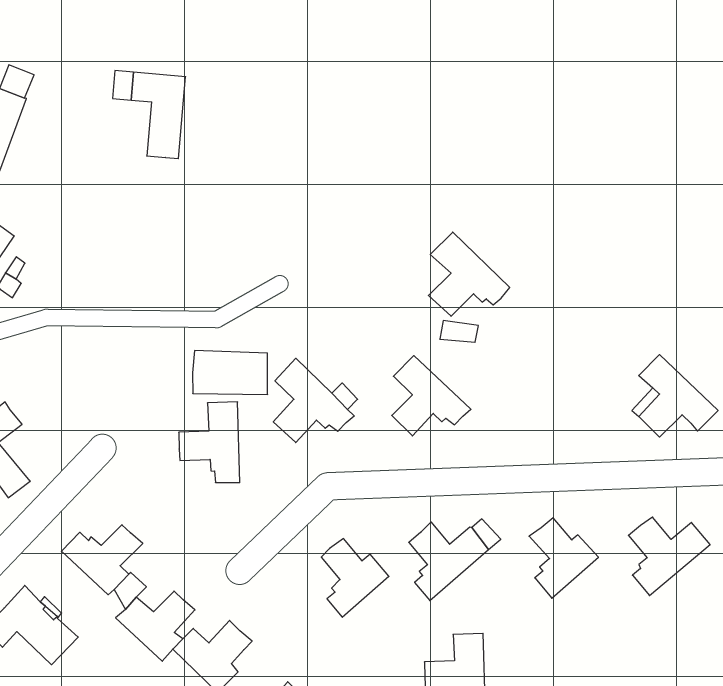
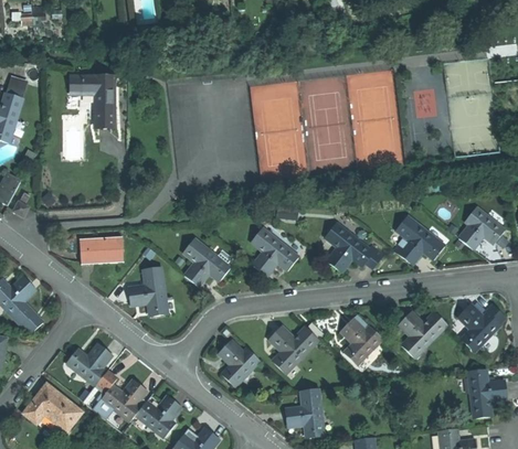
building: [428,232,510,316] -> [326,223,374,272]
building: [193,351,268,394] -> [80,237,125,265]

